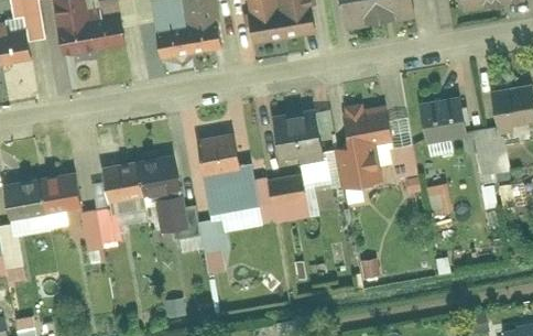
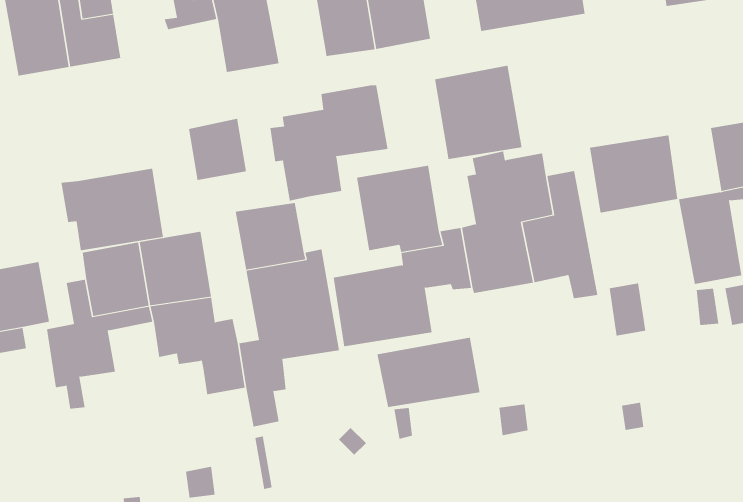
building: [154,21,191,59] -> [188,118,247,180]
building: none -> [434,65,522,160]
building: none -> [270,84,388,201]
building: none -> [61,168,164,251]
building: none -> [377,337,480,408]

